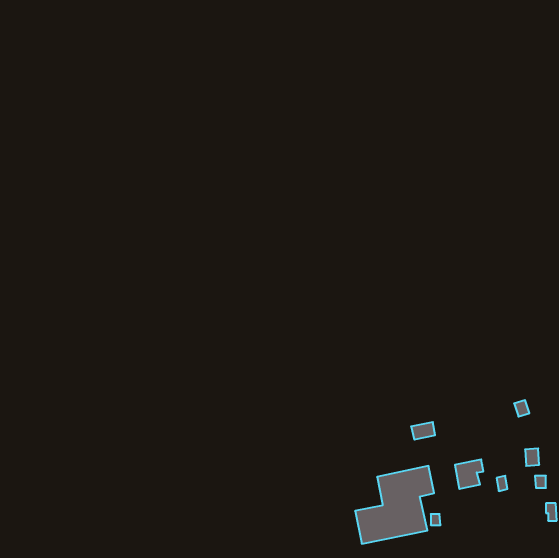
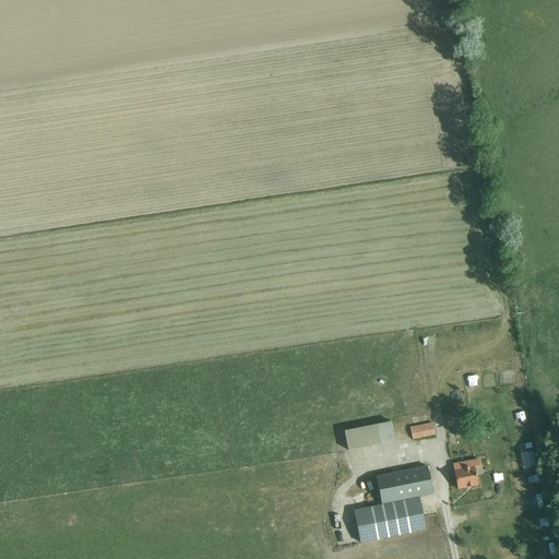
building: none -> [343,423,389,449]

